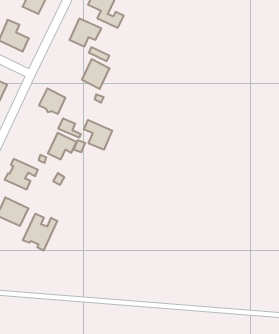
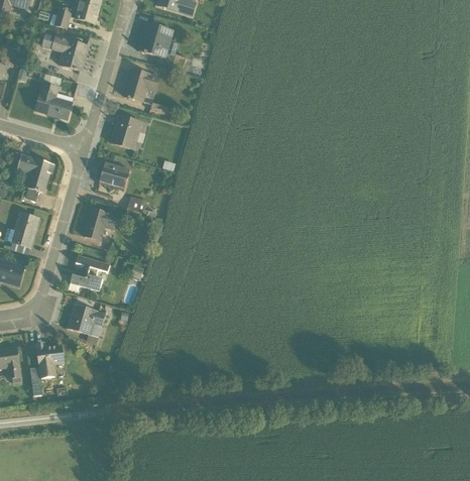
building: [82,59,110,89] -> [110,114,142,149]
building: [84,120,112,150] -> none
building: [48,133,76,159] -> [84,207,117,239]
building: [23,214,57,251] -> none

